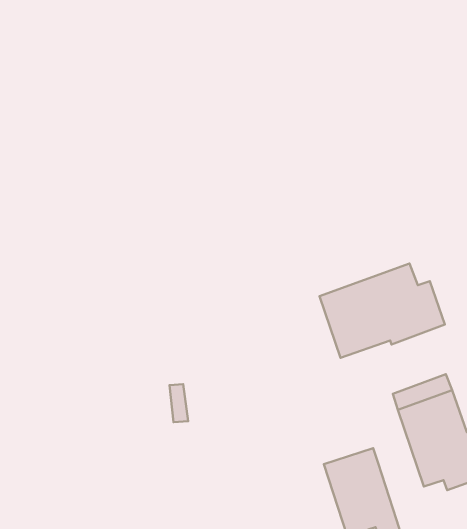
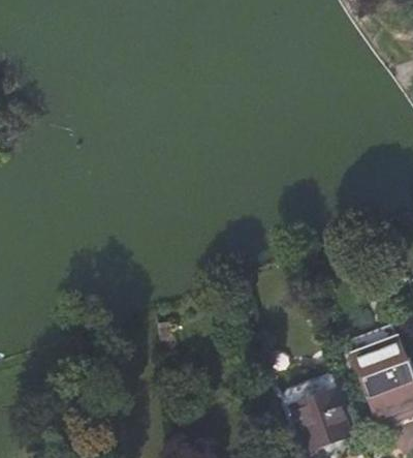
building: [320,264,445,358] -> none

